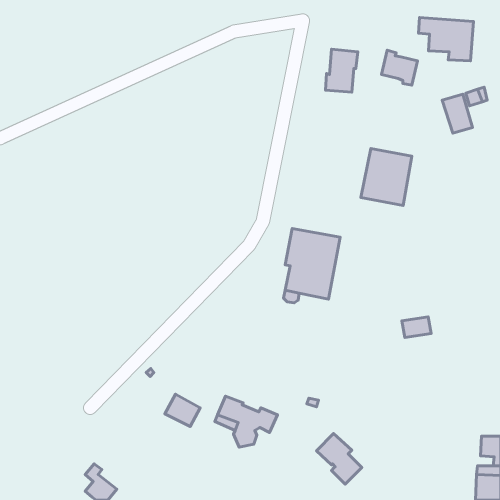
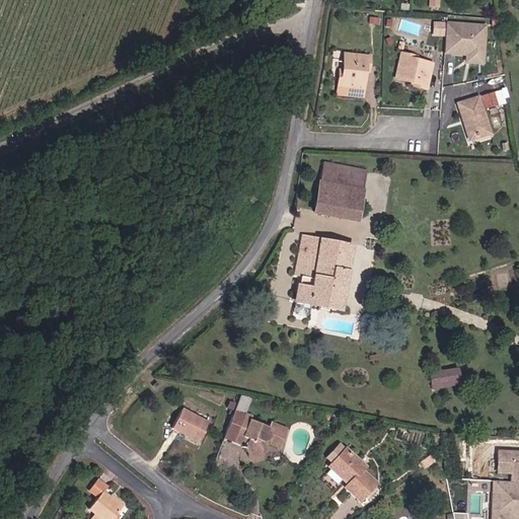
building: [361,148,412,205] -> [314,161,367,220]
building: [402,317,431,337] -> [430,367,460,388]

